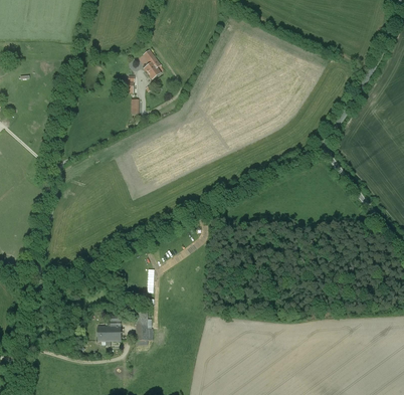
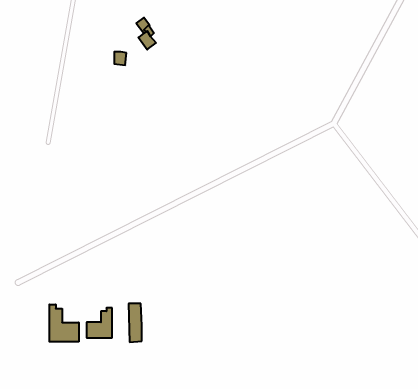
building: none -> [49,304,79,342]

